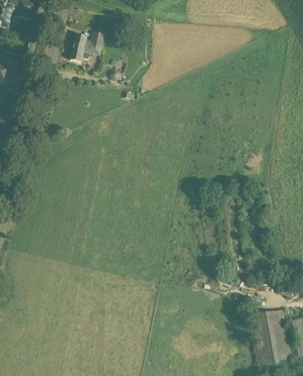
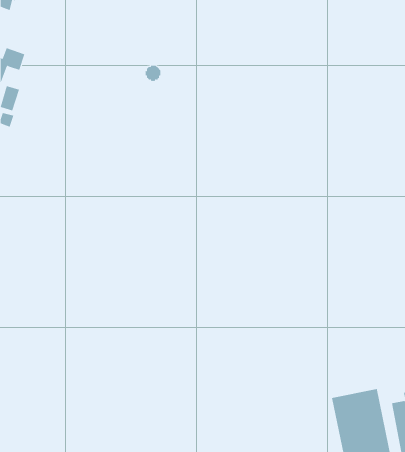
building: [70,31,103,61] -> none

